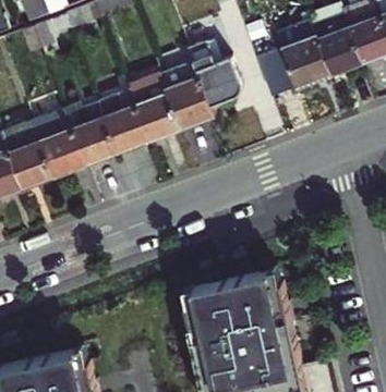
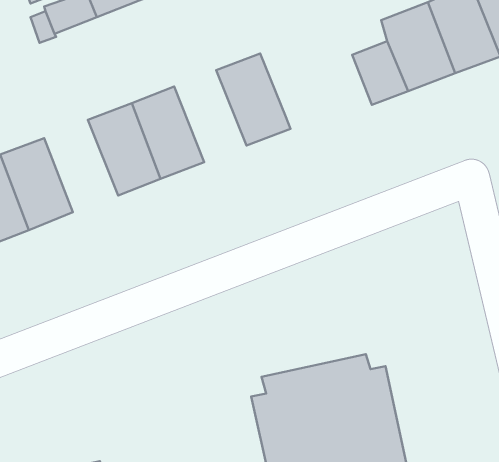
building: [191,46,242,103] -> none
building: [130,70,182,136] -> none
building: [36,106,89,172] -> none

